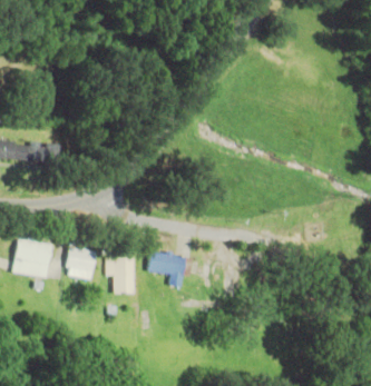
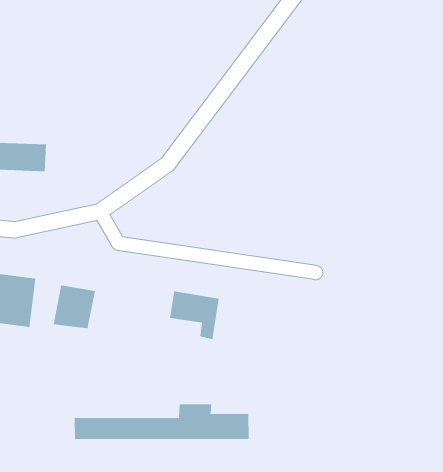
building: [106,256,133,293] -> none
building: none -> [74,403,249,440]

